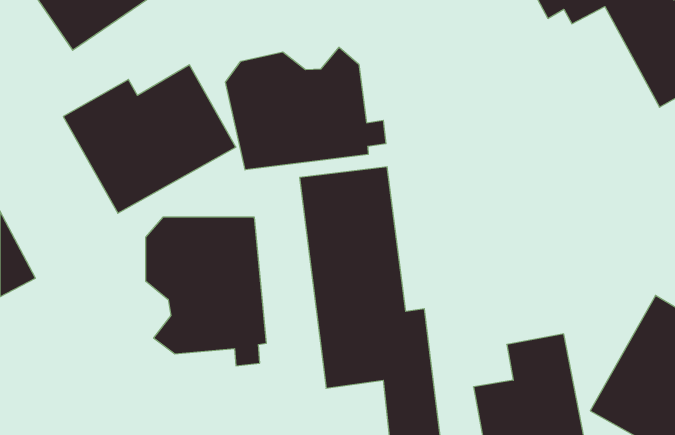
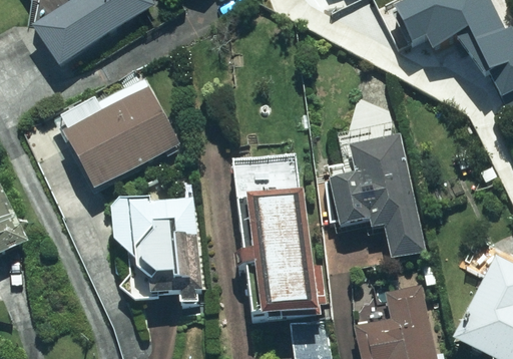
building: [226,47,386,170] -> none
building: none -> [329,128,425,257]

